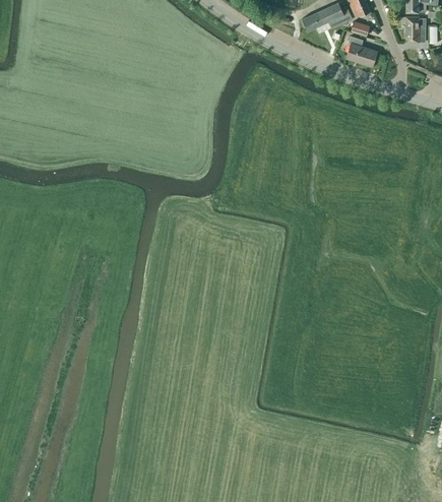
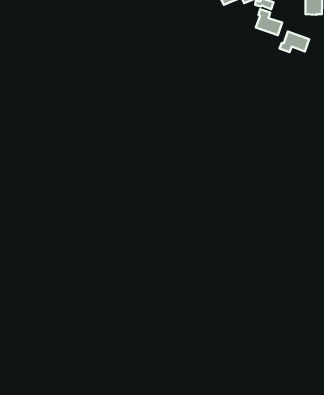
building: none -> [280,32,309,52]

